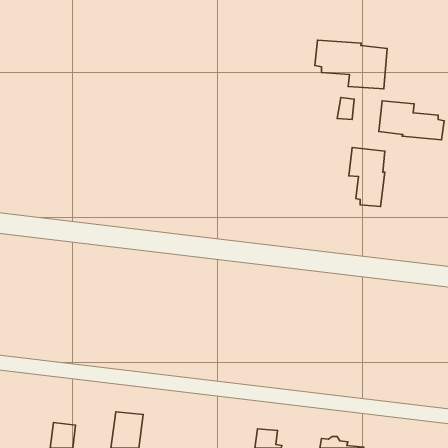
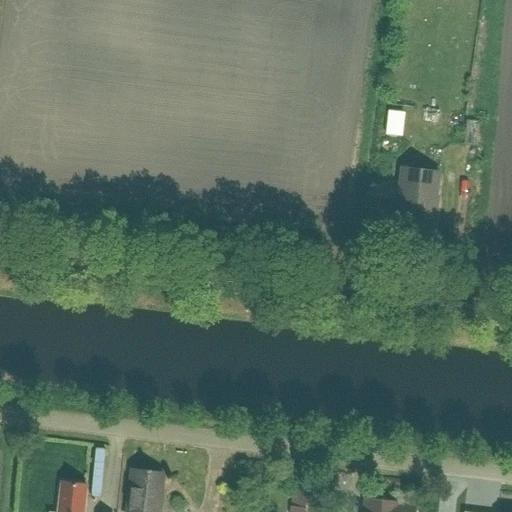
building: [315,40,387,89] -> none
building: [379,101,444,140] -> none

